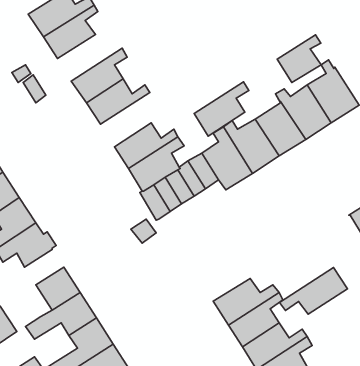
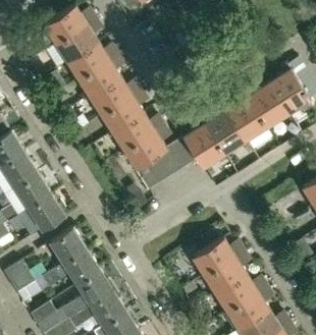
building: none -> [67,42,119,79]
building: [277,35,321,83] -> none
building: [194,82,249,136] -> [102,89,146,132]
building: [279,267,347,314] -> none

